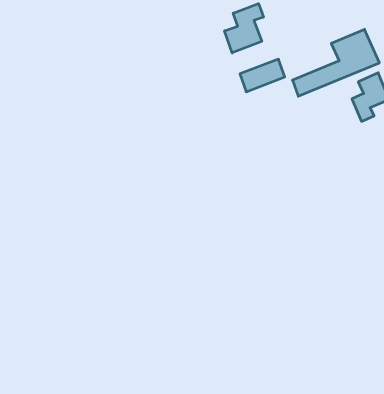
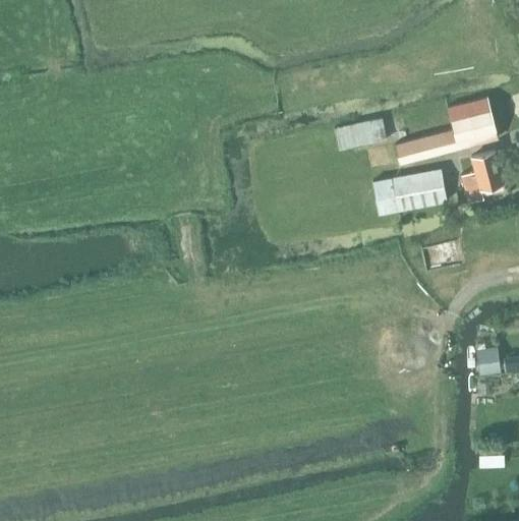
building: [225,4,263,53] -> none
building: none -> [373,169,447,214]

